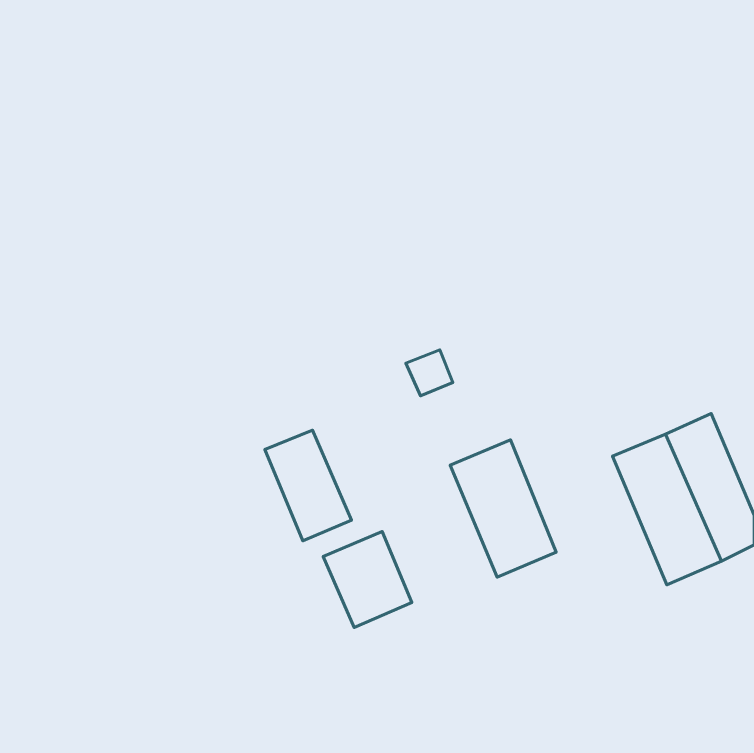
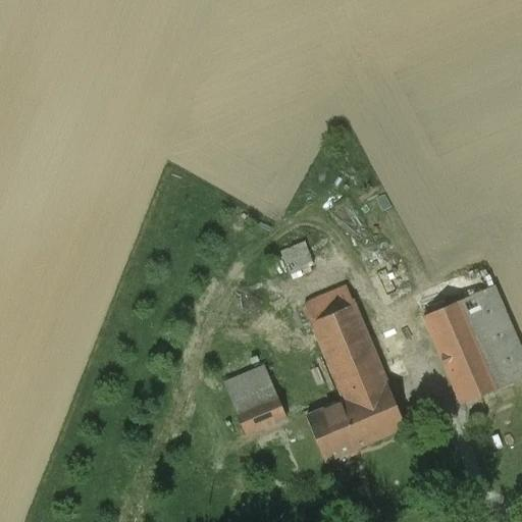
building: none -> [304,285,353,321]
building: [265,430,351,541] -> none
building: none -> [306,381,405,461]

